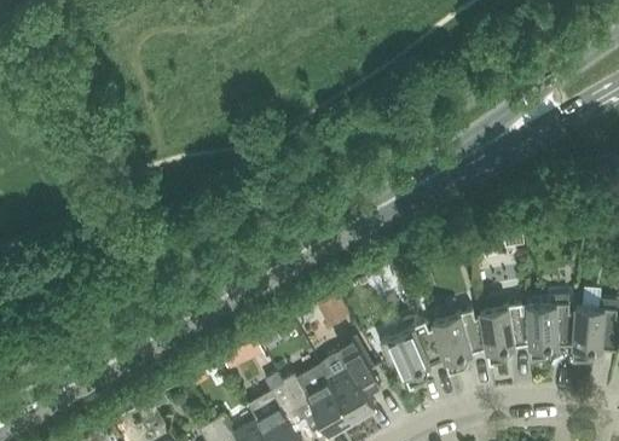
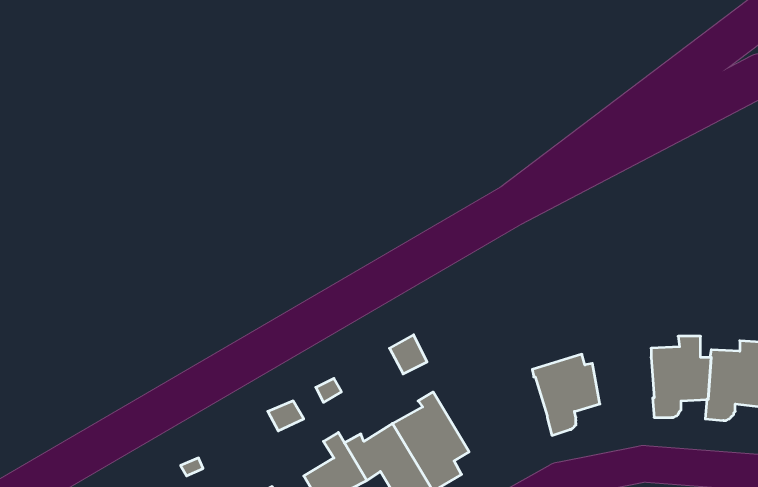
building: [478,304,528,366] -> none
building: [378,323,442,390] -> none

